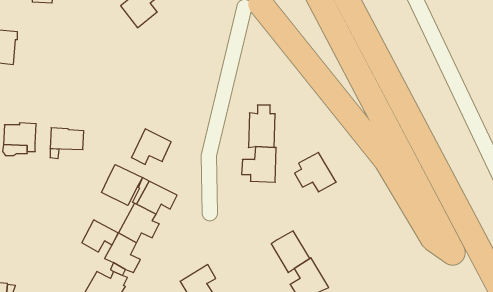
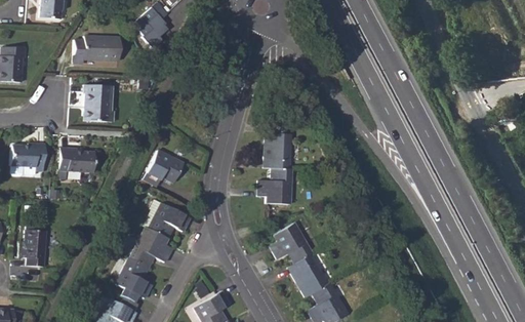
building: none -> [74,35,120,61]
building: none -> [84,83,111,121]
building: [295,152,336,192] -> [270,223,313,264]
building: [102,165,142,205] -> none
building: none -> [25,230,46,266]
building: [82,220,118,252] -> none

